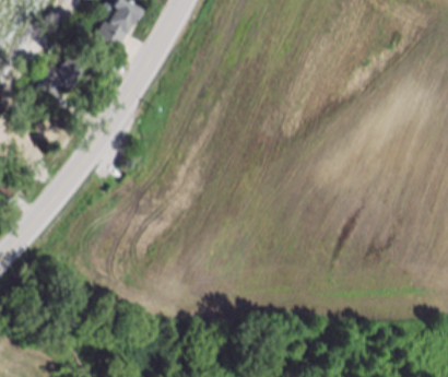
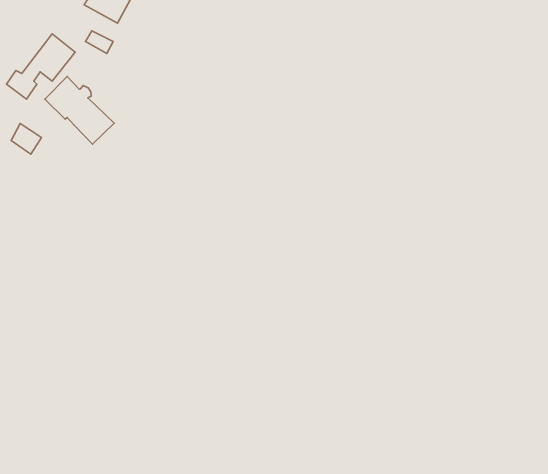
building: none -> [45,76,114,144]

